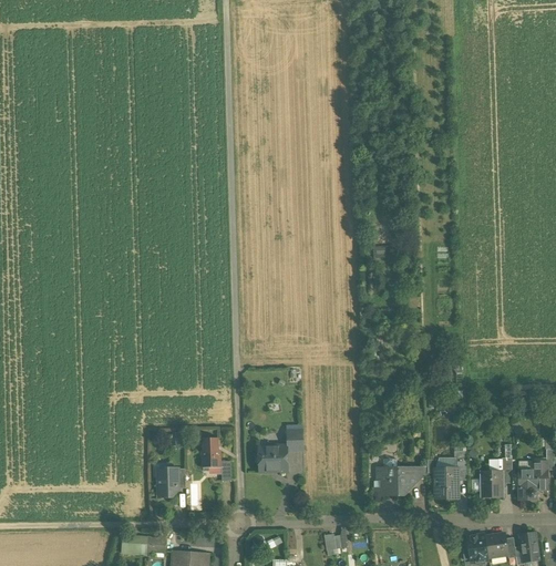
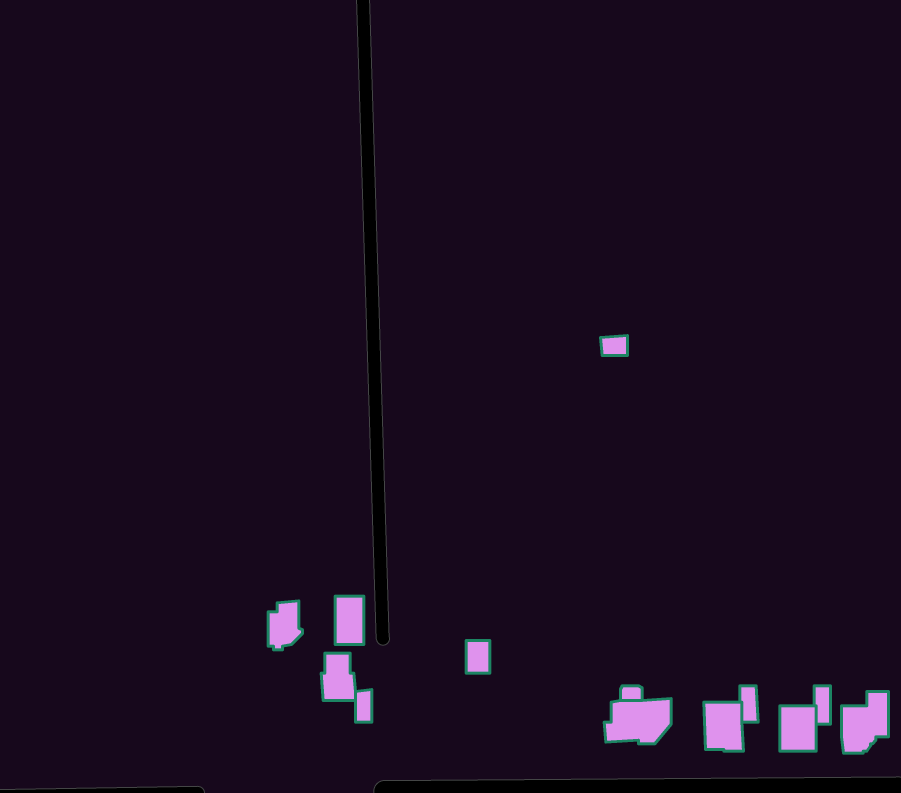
building: none -> [335,596,364,644]
building: [256,446,288,473] -> none
building: [158,469,179,498] -> [268,601,302,650]

